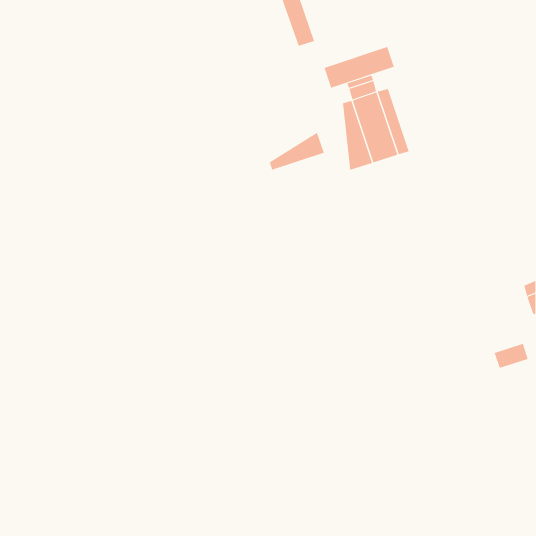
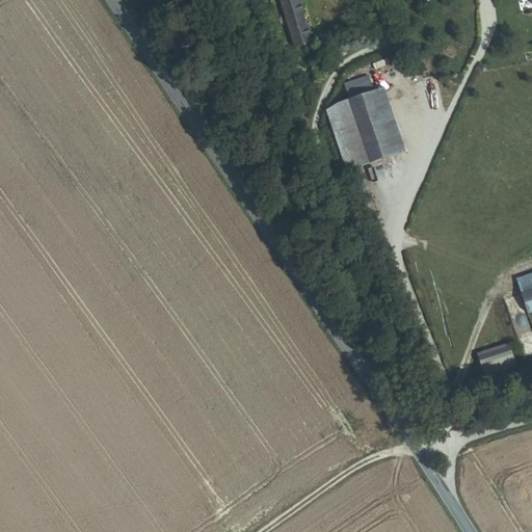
building: [324,46,395,88] -> none
building: [269,132,324,171] -> none

